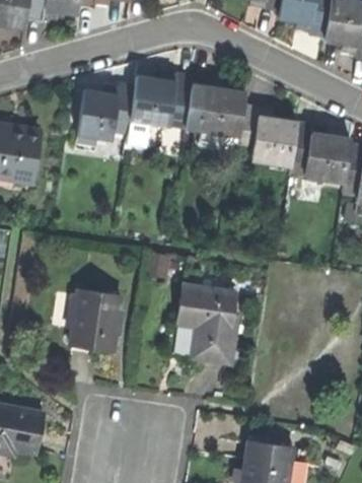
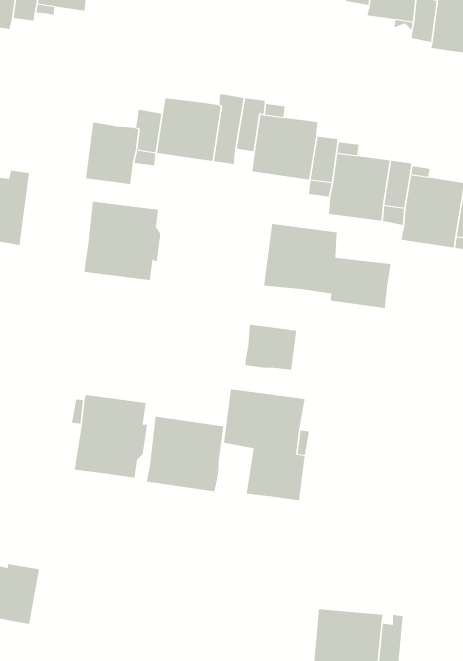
building: none -> [84,201,161,281]
building: none -> [264,223,391,309]
building: none -> [245,324,297,371]
building: none -> [146,416,224,492]

